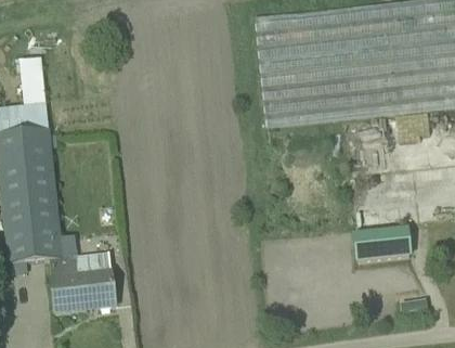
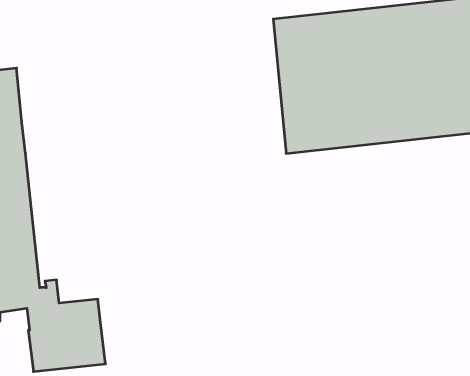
building: [355,227,410,260] -> none

